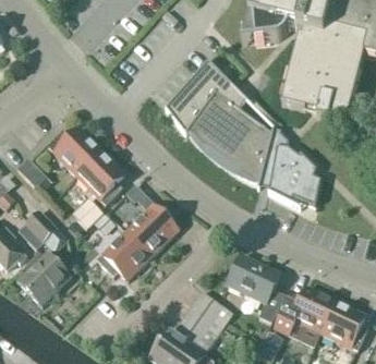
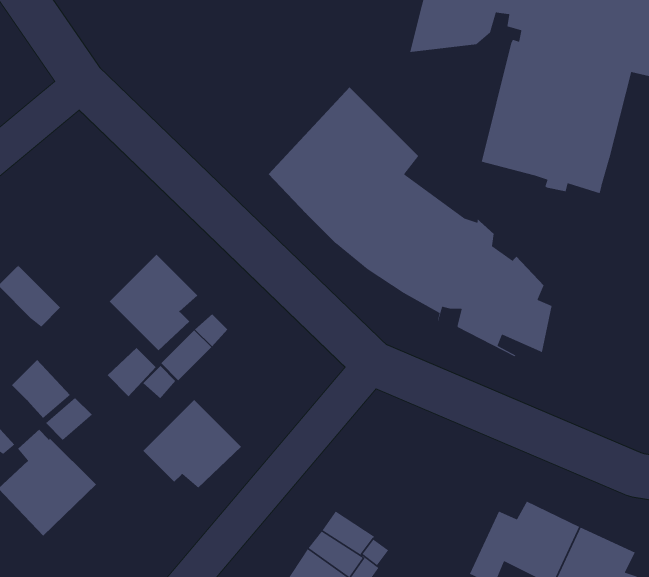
building: [49,126,104,177] -> none
building: [124,202,179,256] -> none
building: [227,254,283,319] -> none

